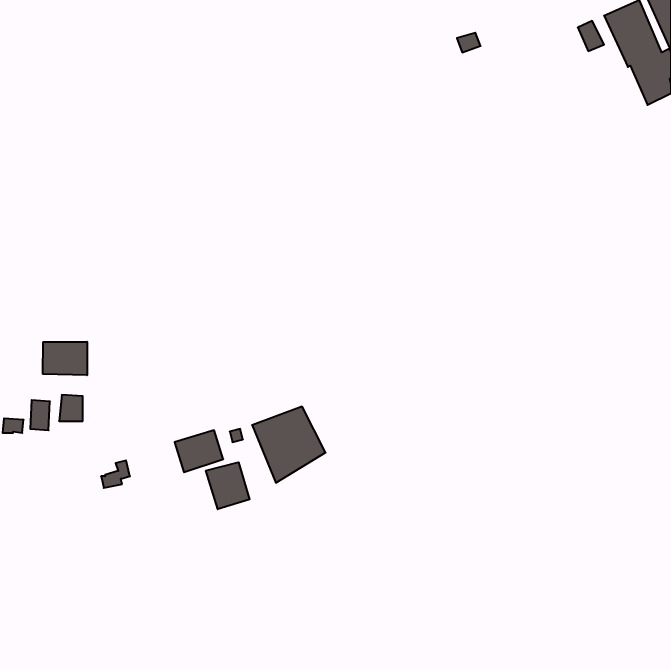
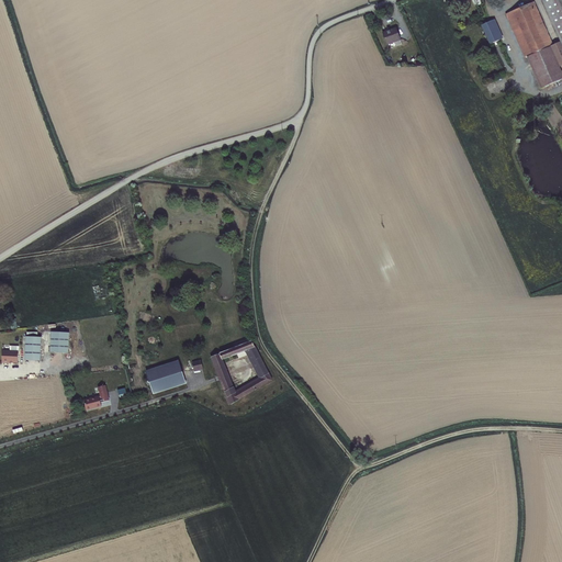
building: [43,342,87,375] -> none
building: [206,462,250,509] -> none

